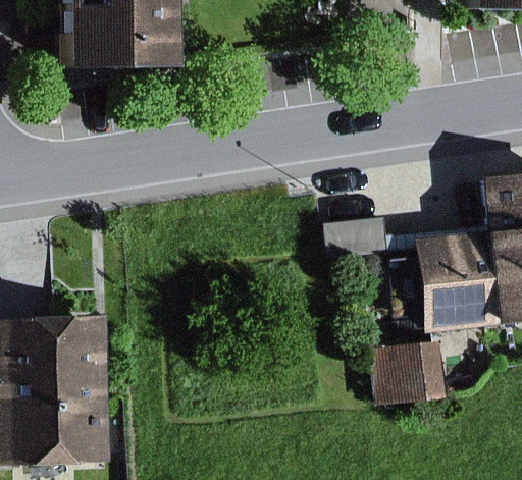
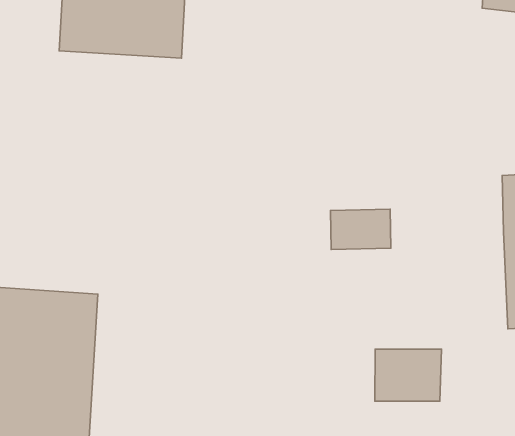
building: [415,226,503,326] -> none

